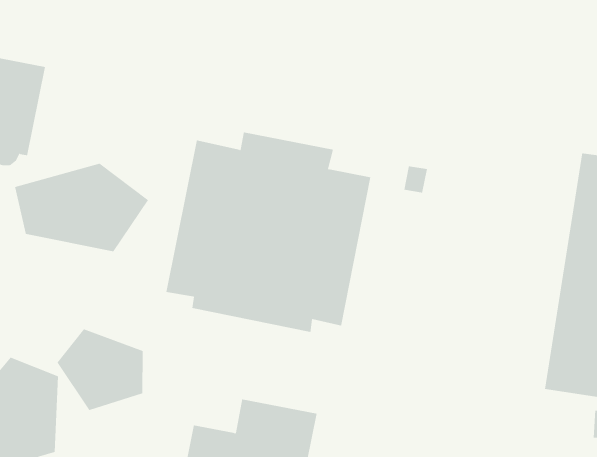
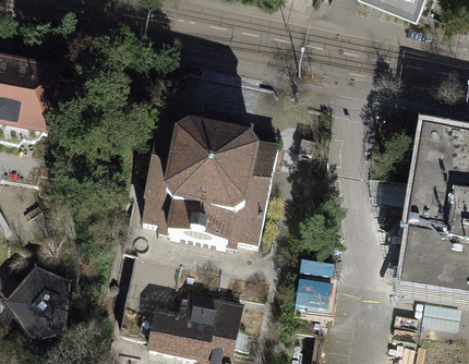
building: [14,163,149,252] -> none
building: [57,329,143,411] -> none

